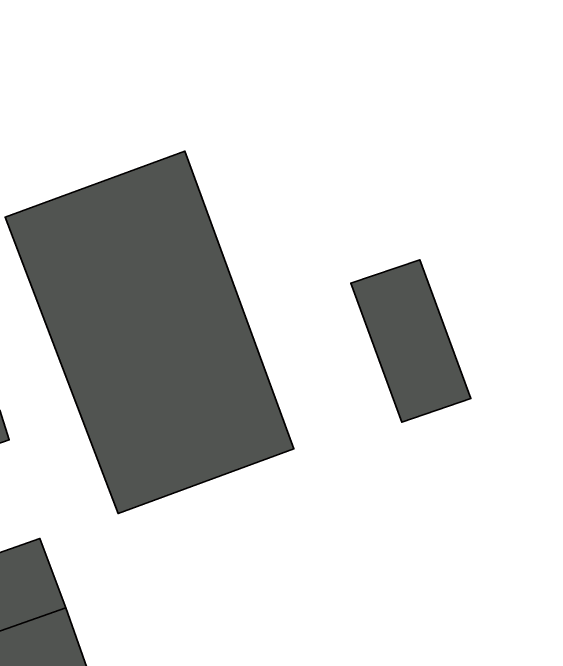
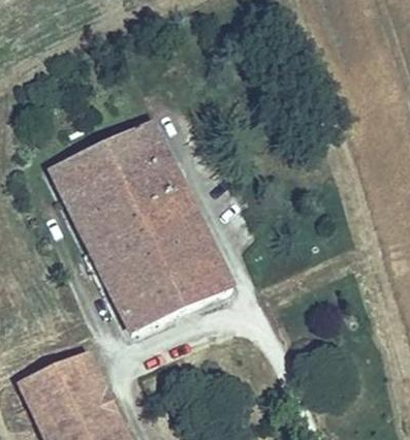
building: [351,260,471,422] -> none

